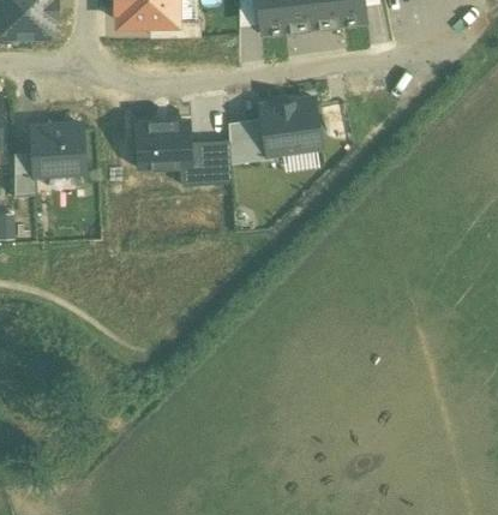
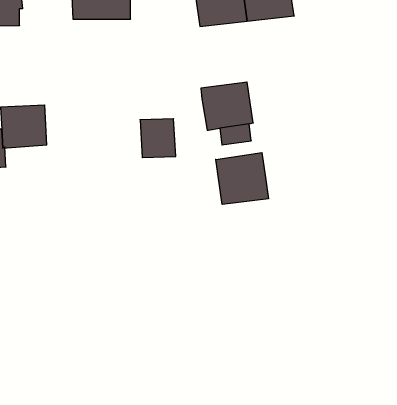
building: [133,118,193,186] -> none
building: [228,118,270,164] -> none
building: none -> [216,153,268,204]

